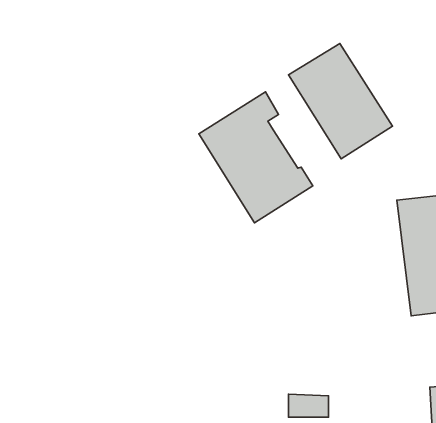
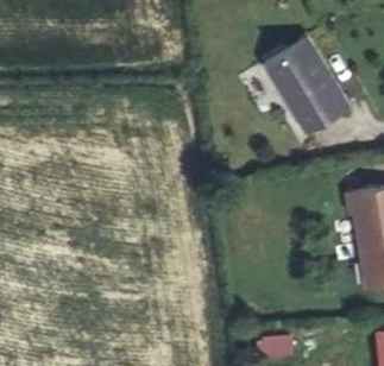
building: [199,92,313,223] -> none

